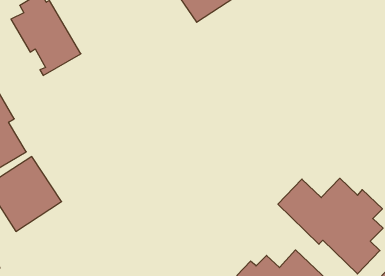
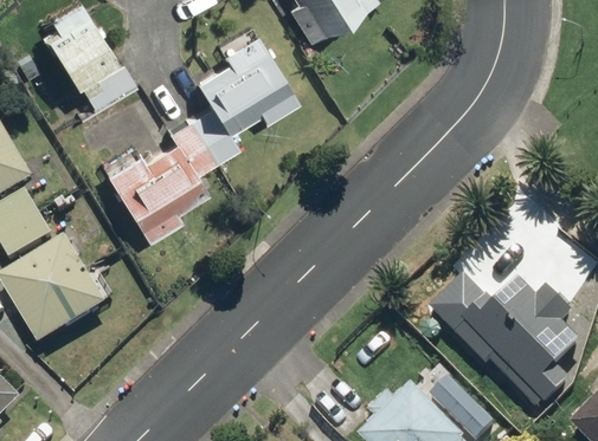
building: none -> [98,26,302,242]

